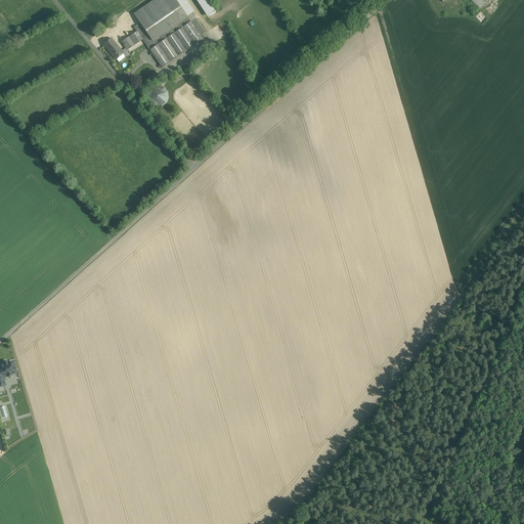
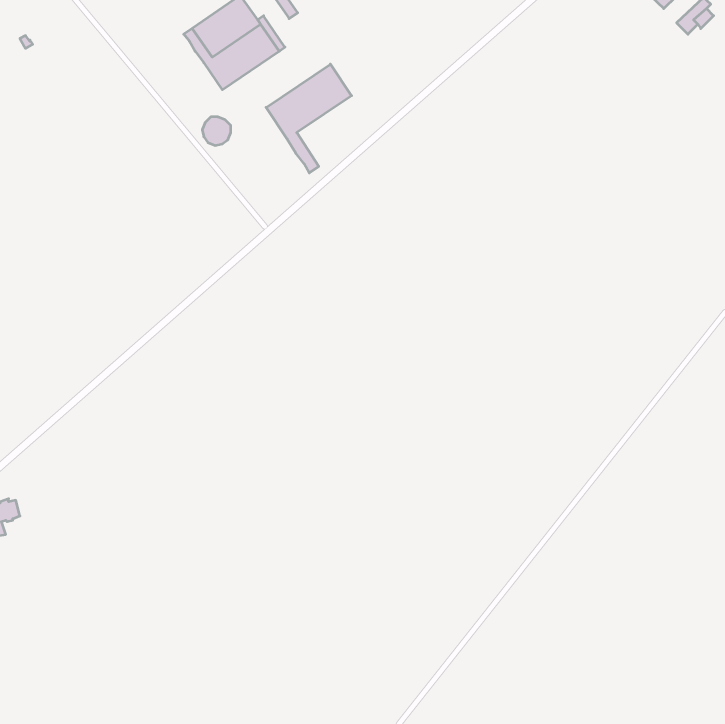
building: [101,30,140,57] -> none
building: none -> [266,64,352,173]

